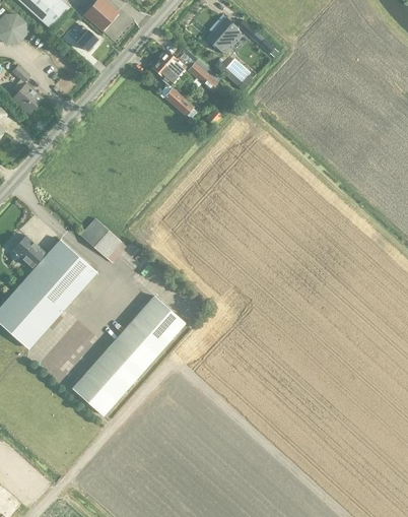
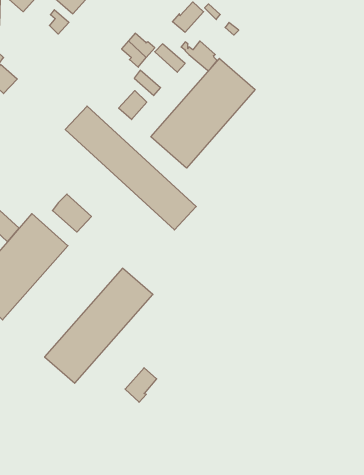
building: none -> [151,58,255,168]
building: none -> [119,91,147,120]
building: none -> [65,106,196,230]
building: none -> [125,368,157,402]

